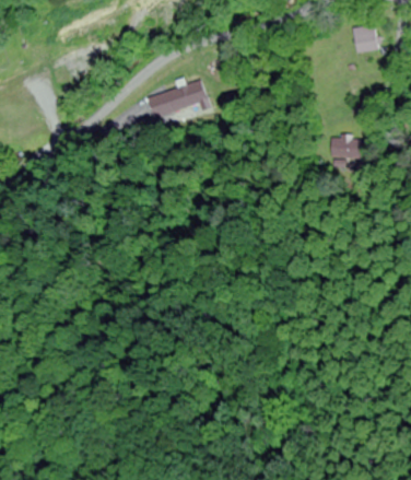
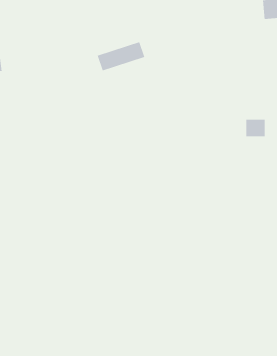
building: [336,137,361,159] -> [246,119,266,137]

